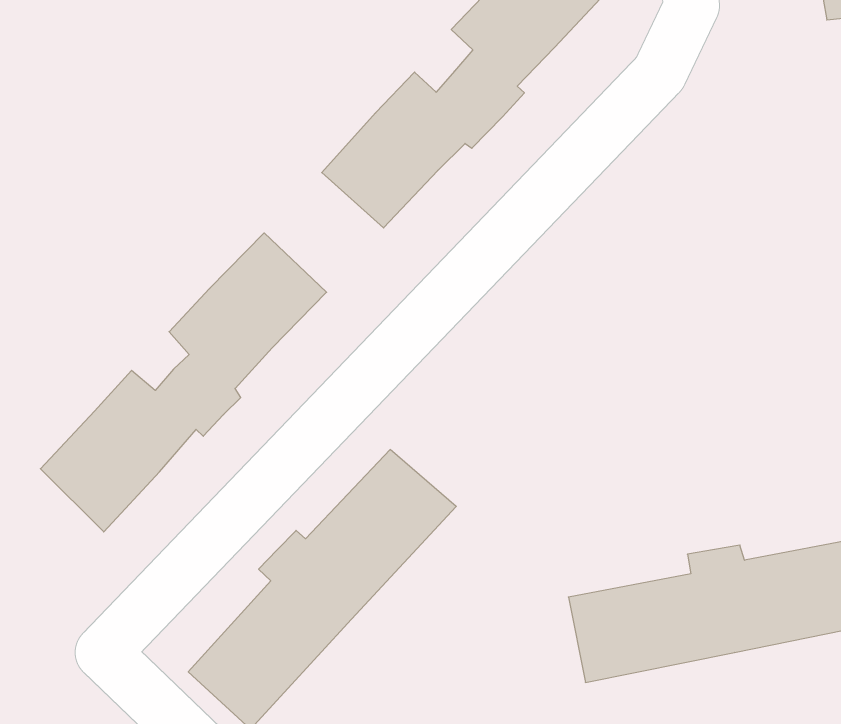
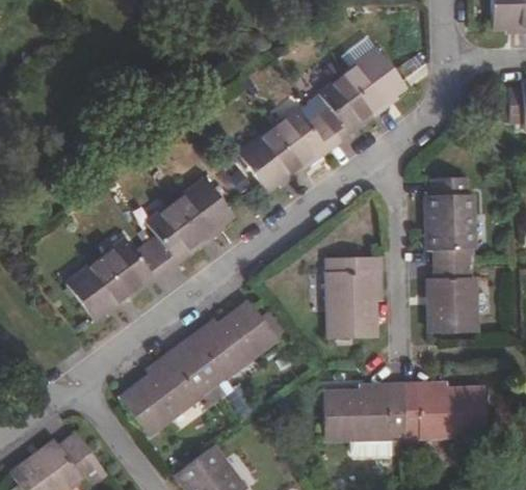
building: none -> [429,193,476,332]
building: none -> [331,254,385,336]

